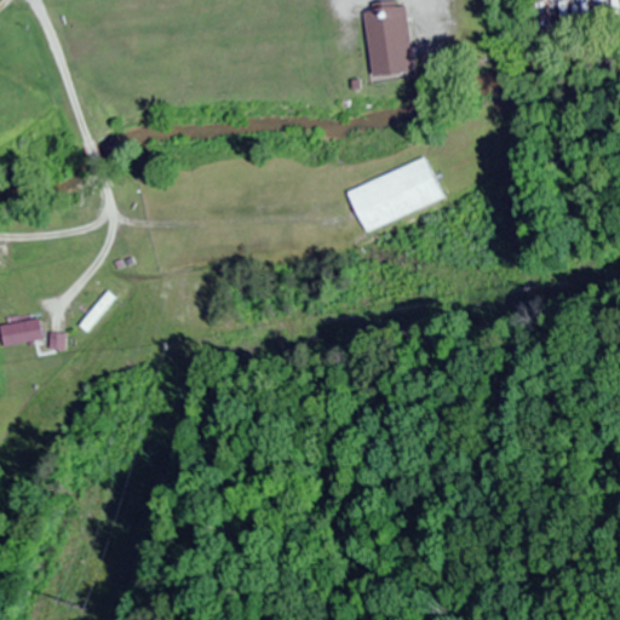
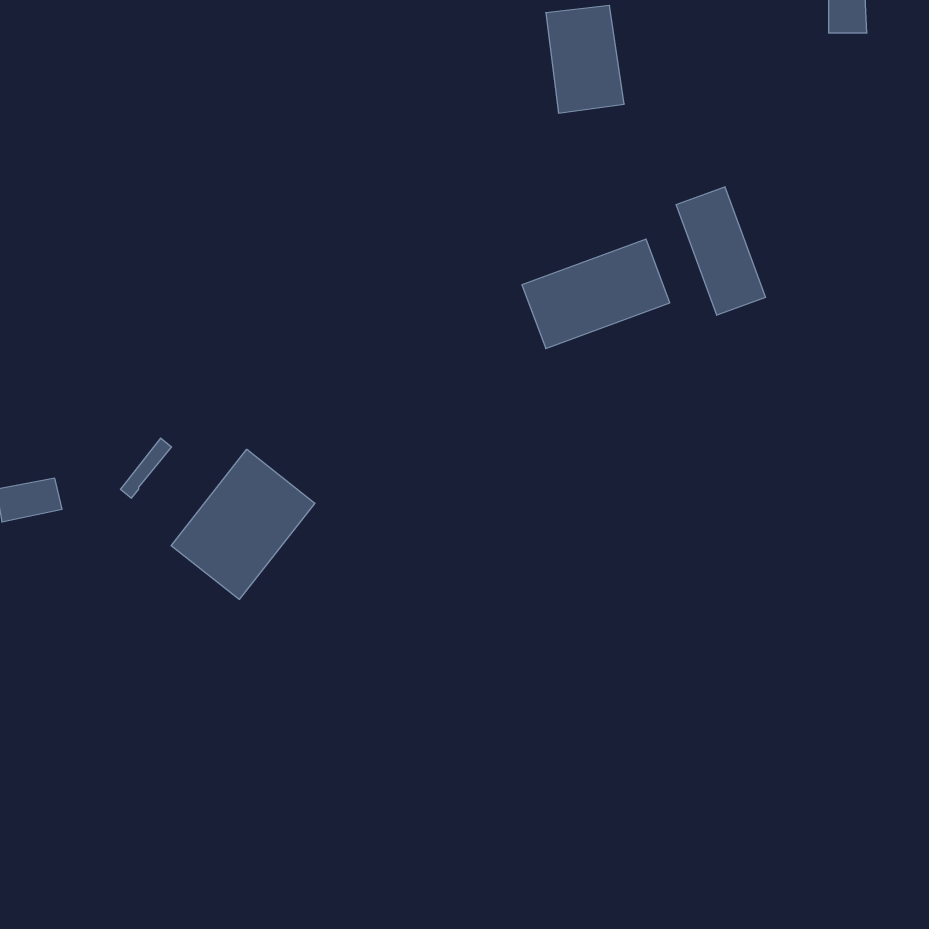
building: none -> [676,187,766,315]
building: none -> [171,449,315,599]

